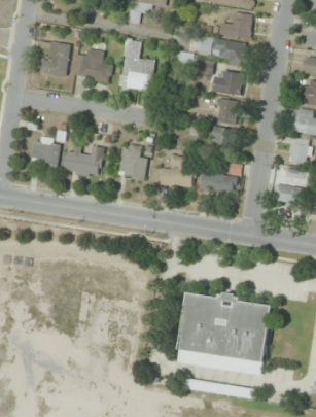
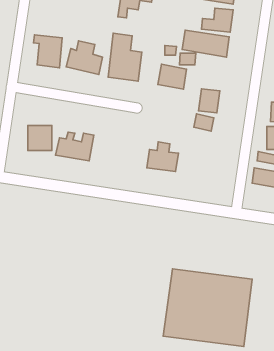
building: [212,68,243,95] -> [158,64,187,89]
building: [115,142,148,180] -> none
building: [200,170,236,193] -> none

